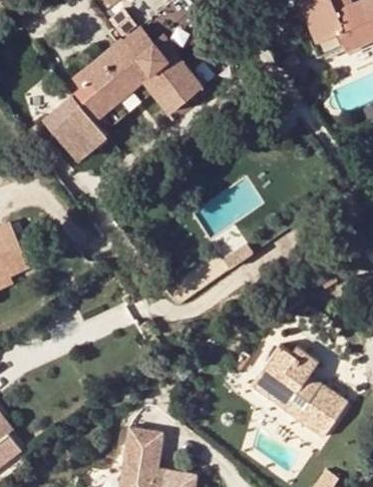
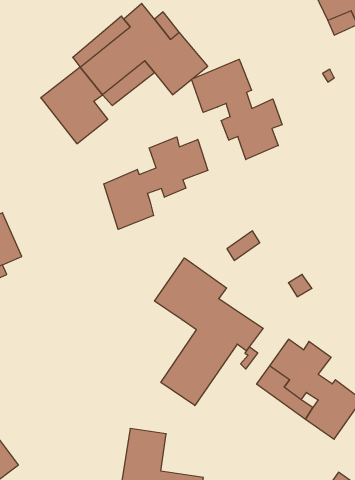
building: none -> [192,59,282,160]
building: none -> [104,137,208,229]
building: none -> [155,258,263,406]

